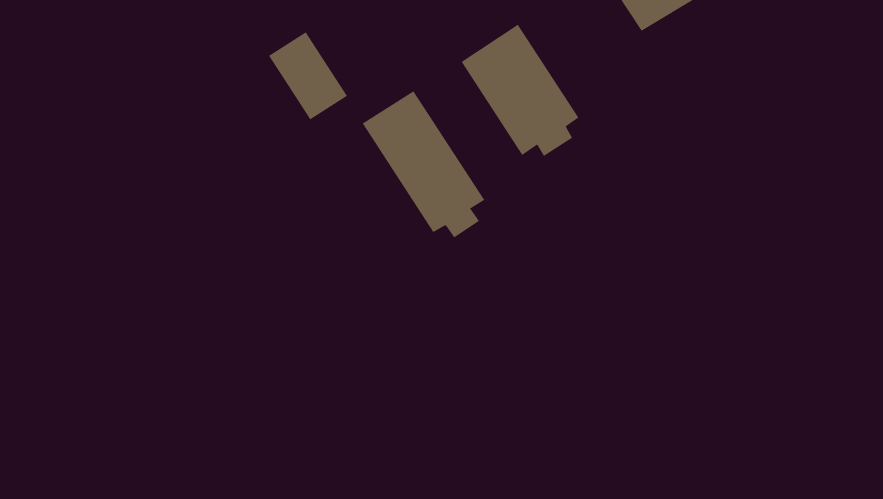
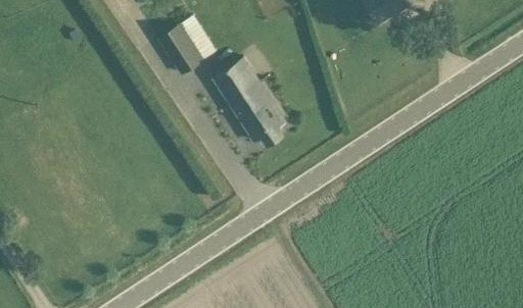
building: [461,24,579,157] -> none

